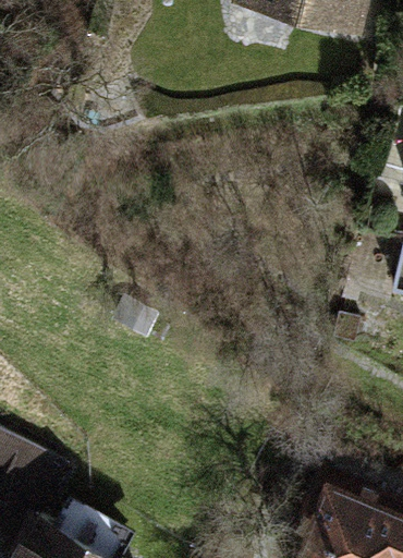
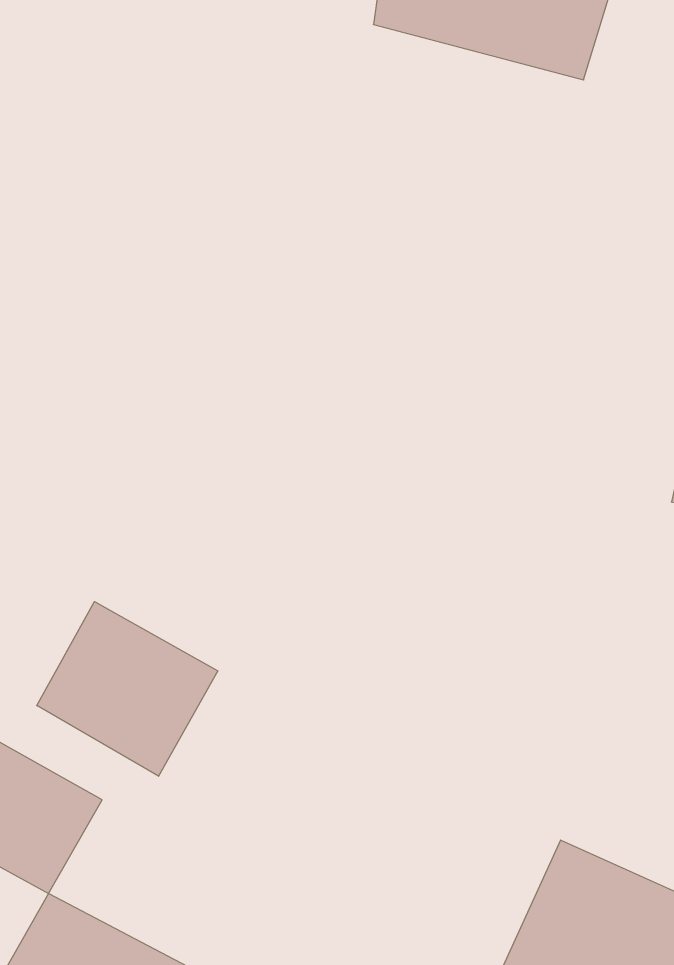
building: none -> [37,602,218,776]

